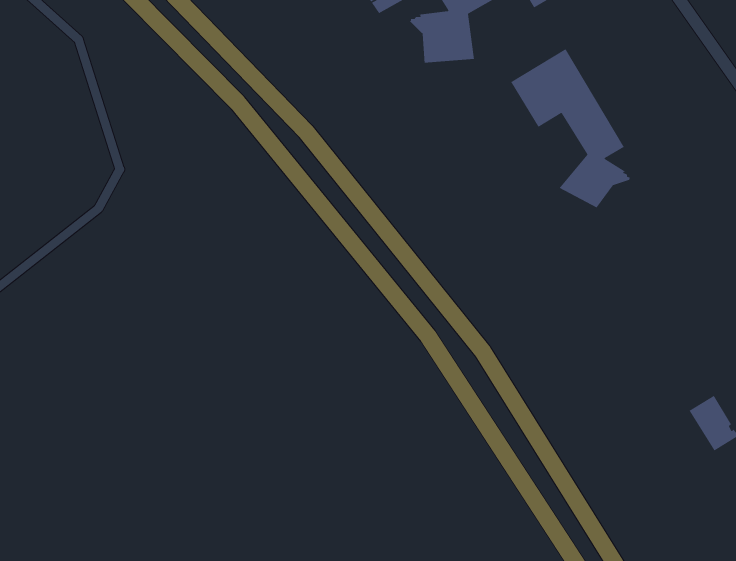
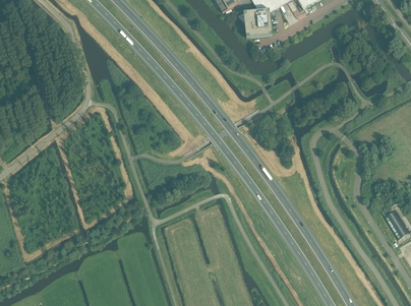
building: [510,48,632,209] -> none

